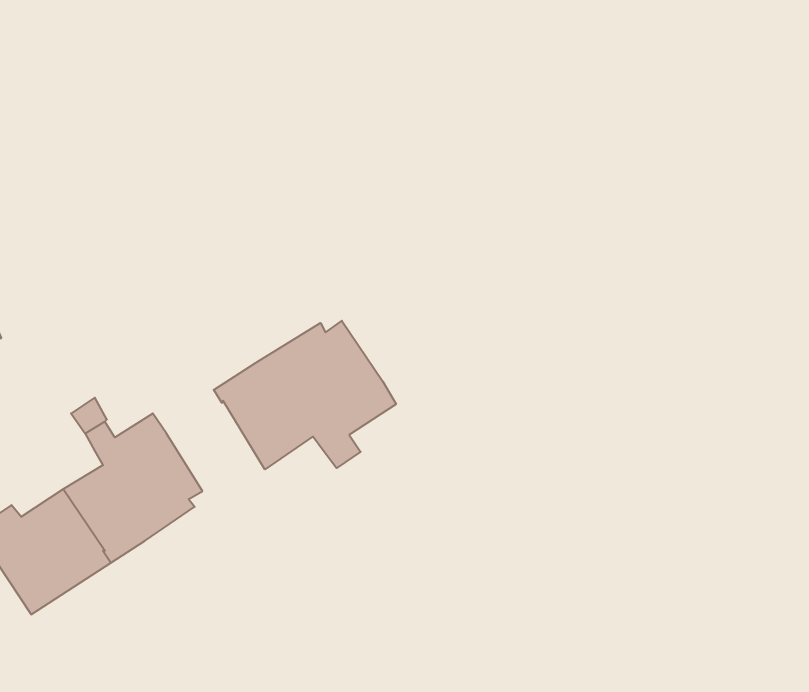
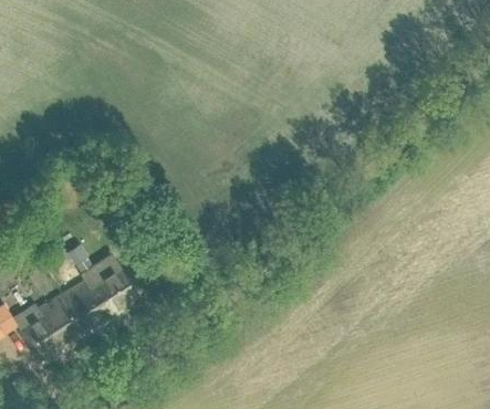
building: [214,321,396,469] -> none

